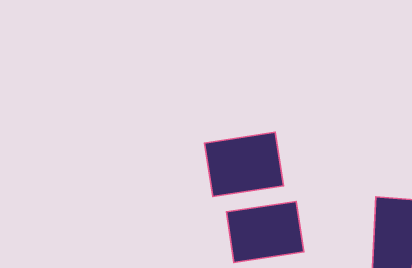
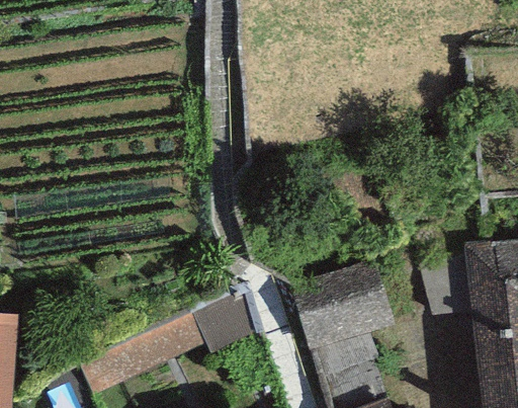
building: [204,132,283,196] -> none

